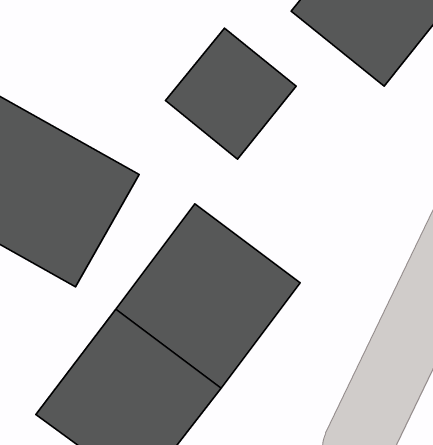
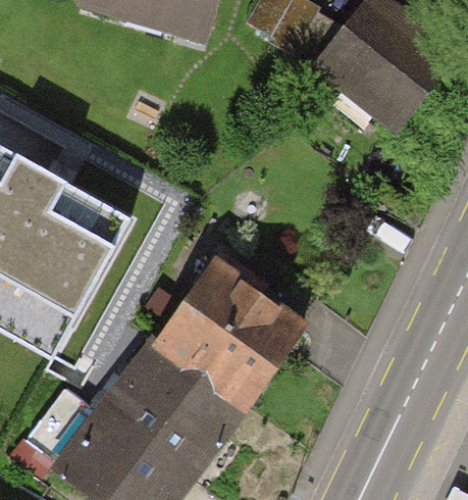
building: [165,28,296,159] -> none

